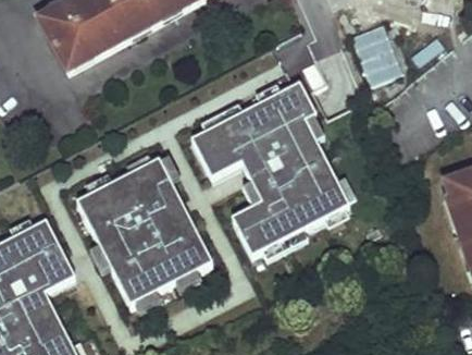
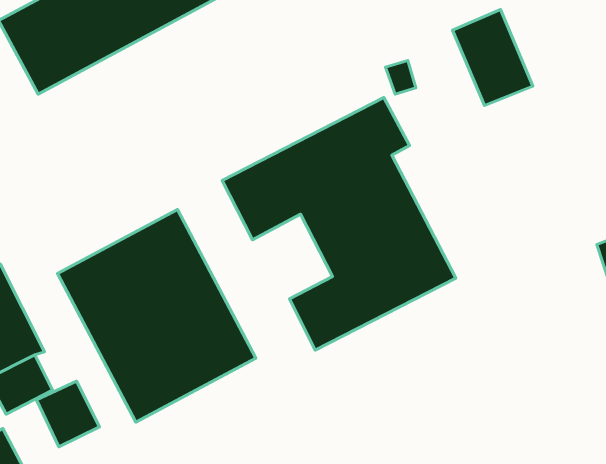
building: none -> [37,381,99,447]

